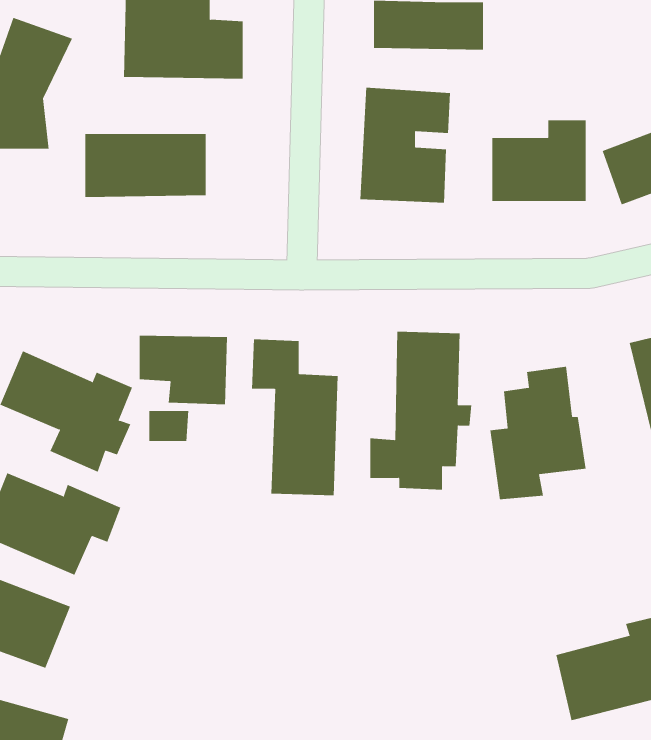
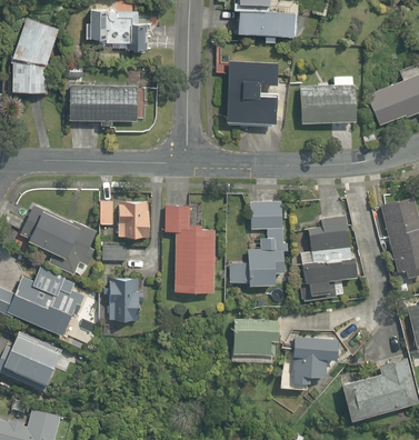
building: none -> [102,279,142,320]
building: none -> [232,319,277,357]
building: none -> [282,336,338,390]

